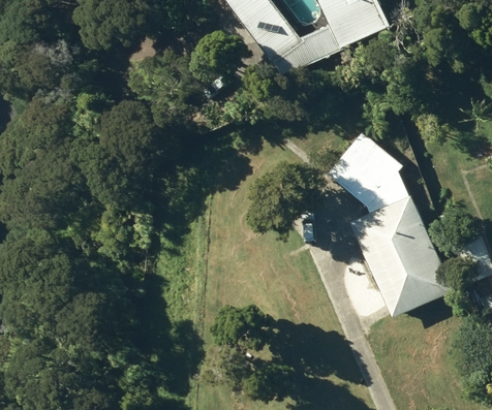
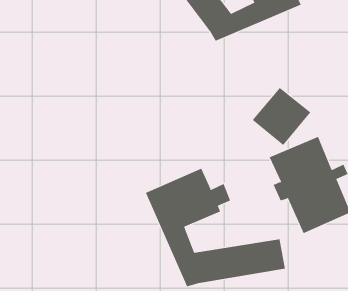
building: none -> [145,168,286,287]

